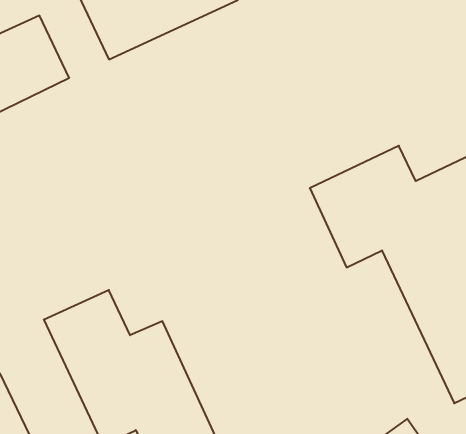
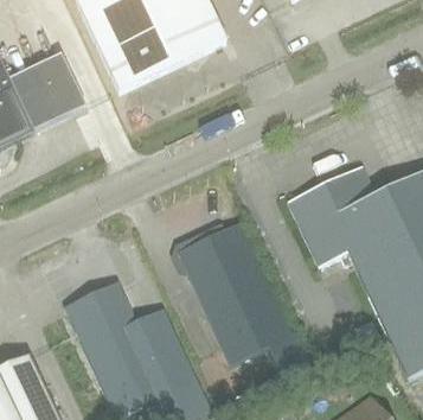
building: none -> [179,222,320,389]

